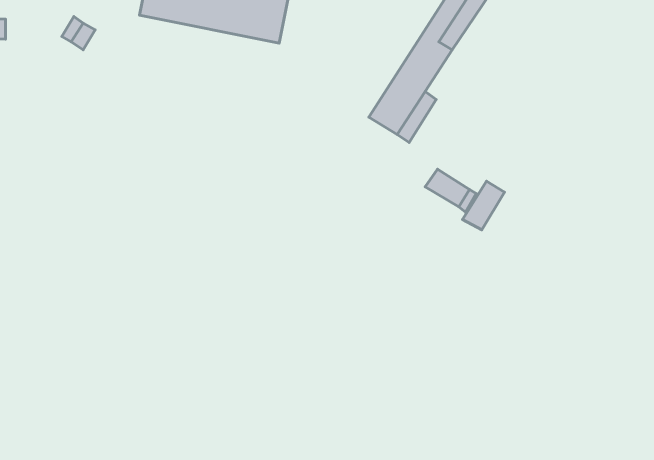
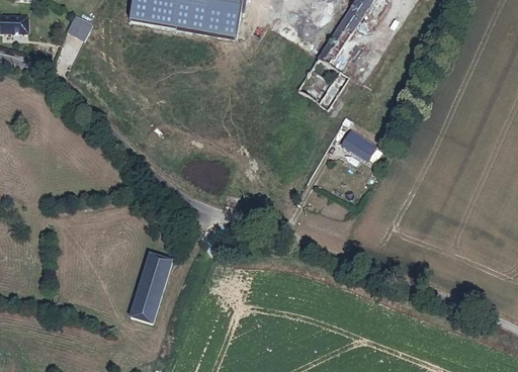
building: [462,181,504,230] -> none
building: none -> [127,255,169,324]

